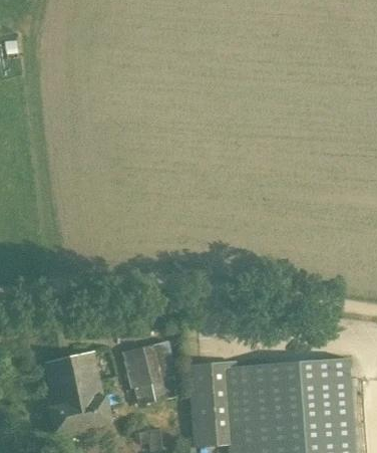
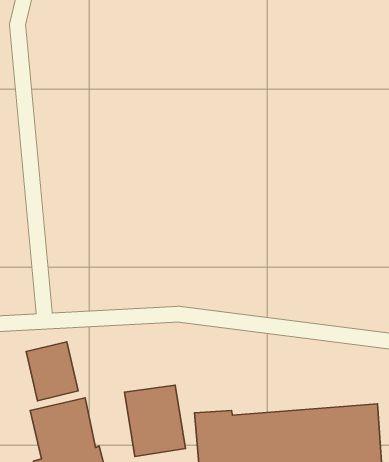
building: none -> [26,342,78,401]

